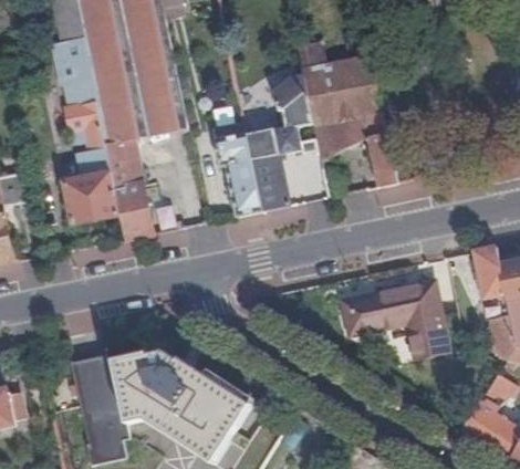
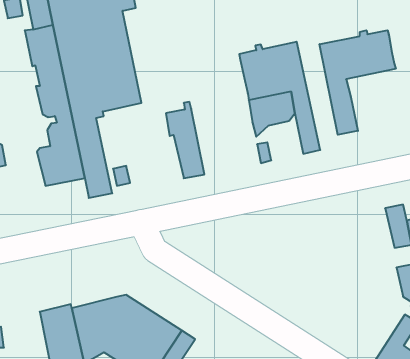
building: none -> [320,30,396,135]
building: [247,75,319,210] -> none
building: [344,281,448,358] -> none

